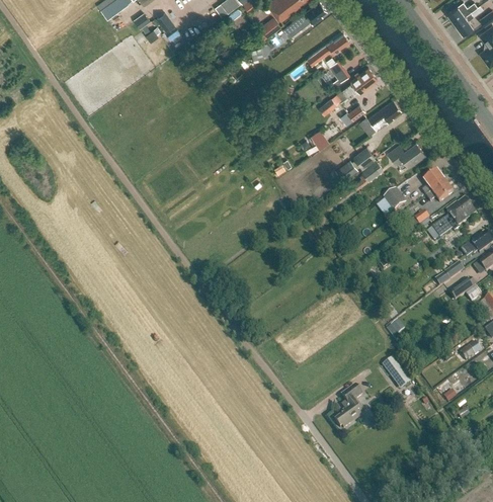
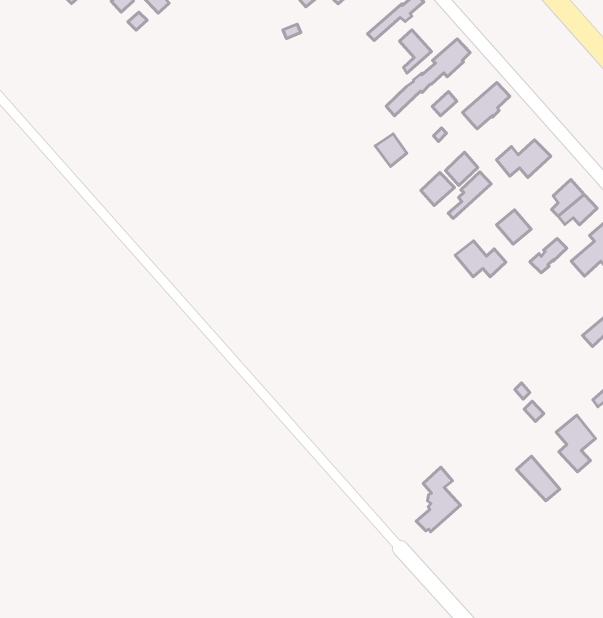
building: none -> [455,241,506,277]
building: none -> [556,415,596,472]
building: [335,384,366,427] -> [416,467,461,532]

